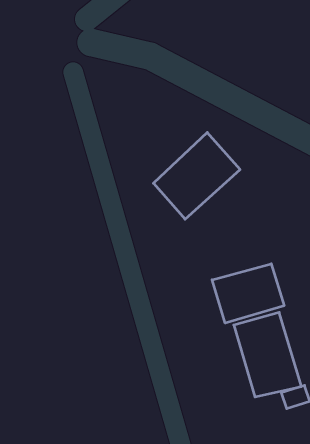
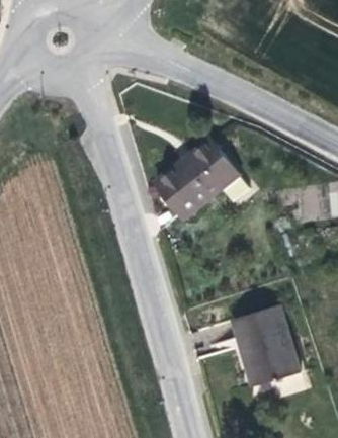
building: [212,264,284,323] -> none

